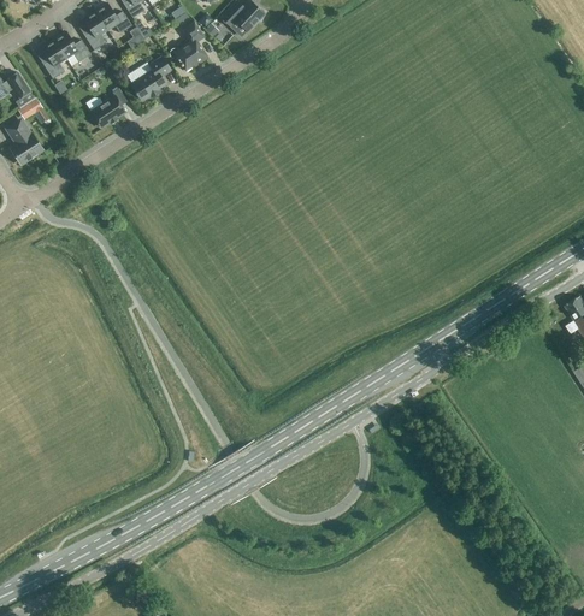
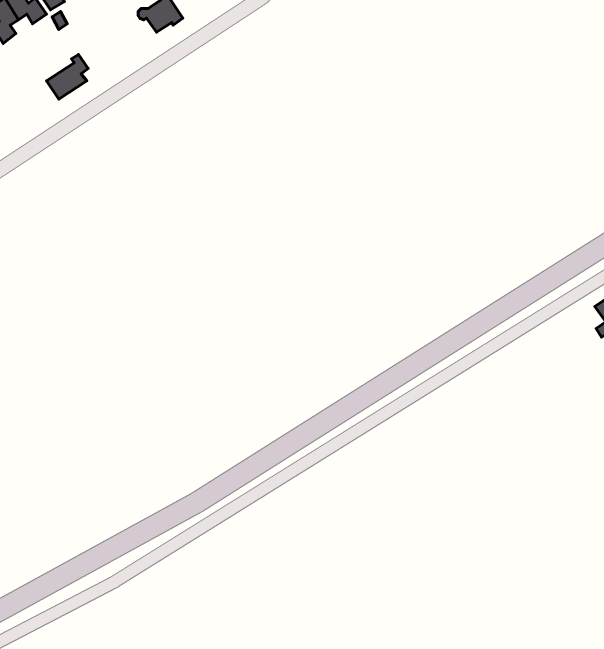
building: [130,55,171,100] -> none

